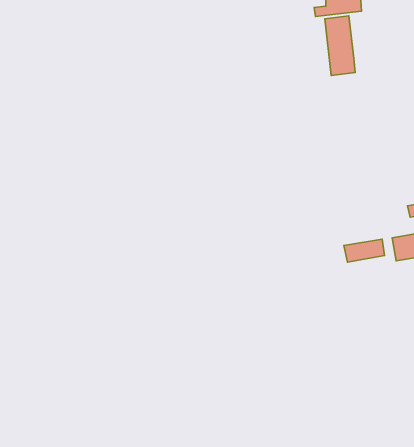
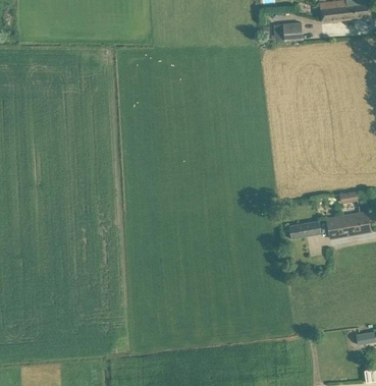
building: [325,16,355,75] -> none

